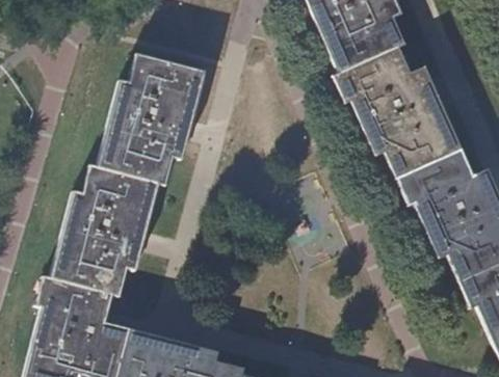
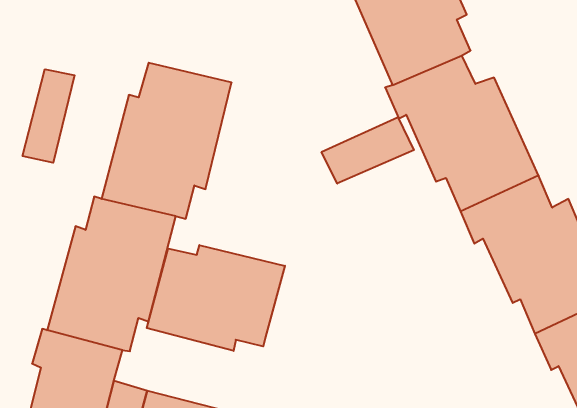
building: none -> [23,69,75,163]
building: none -> [322,117,414,184]
building: none -> [147,245,285,351]

